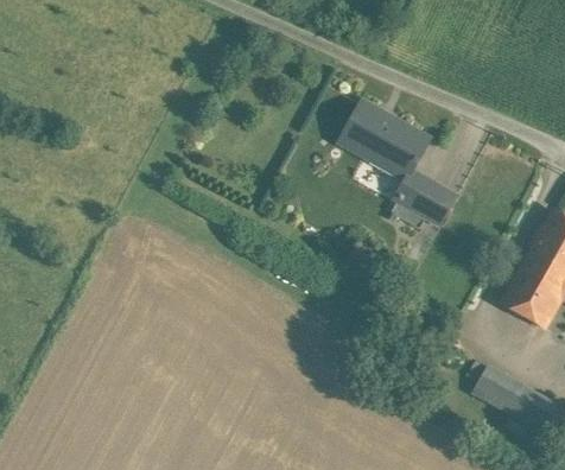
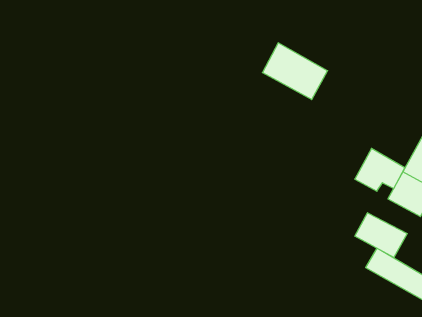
building: [393,171,457,226] -> [355,148,405,191]
building: none -> [355,213,407,257]

